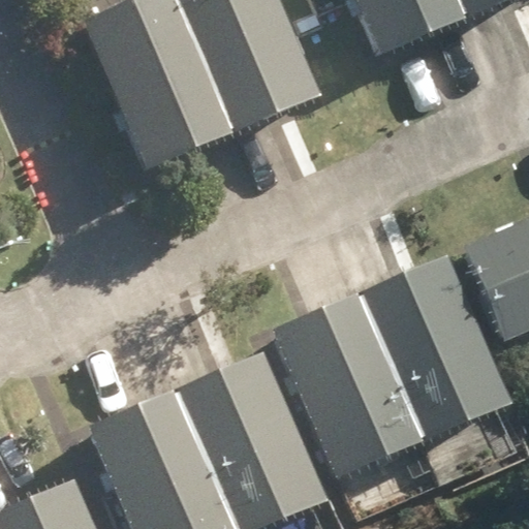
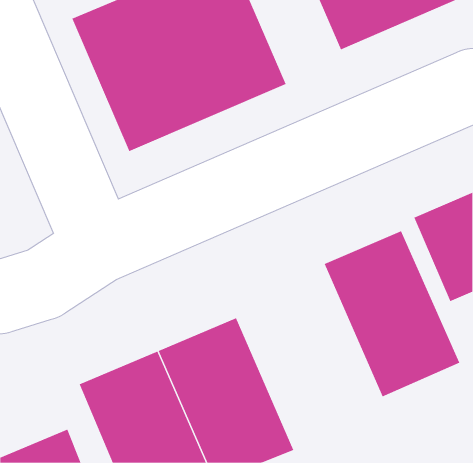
building: [272,294,426,481] -> none

